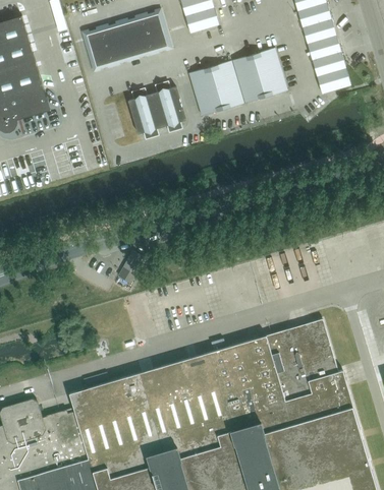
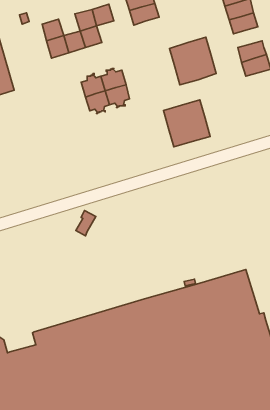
building: [101,20,126,46] -> none
building: [146,28,171,54] -> none
building: [307,36,340,60] -> none
building: [188,61,243,116] -> [163,100,210,147]

